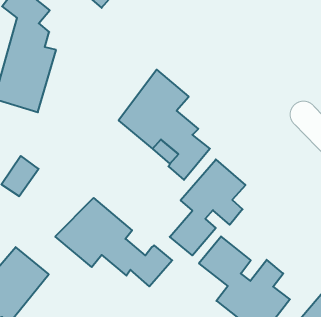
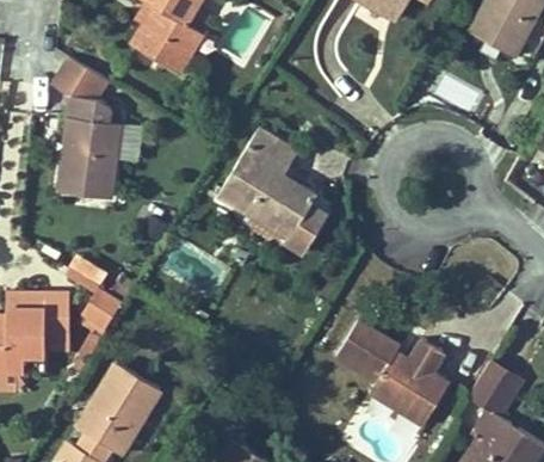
building: [170,159,245,255] -> none
building: [55,198,172,286] -> none

